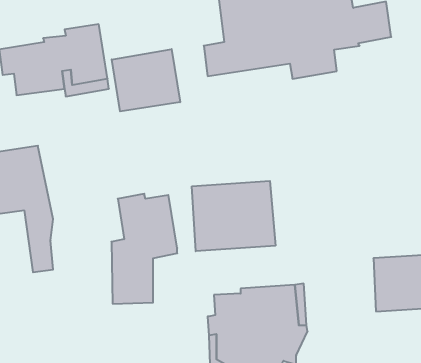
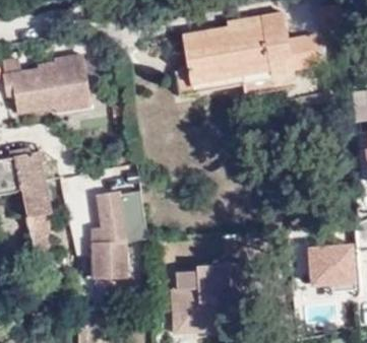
building: [112,49,180,111] -> none
building: [192,181,275,251] -> none

